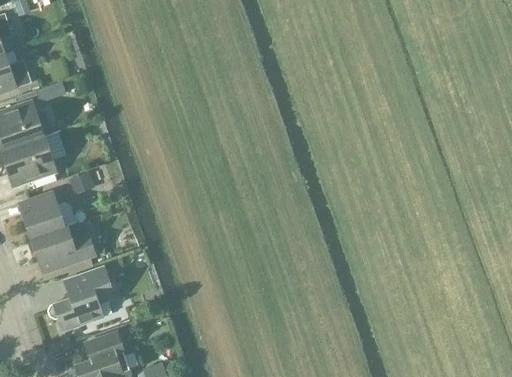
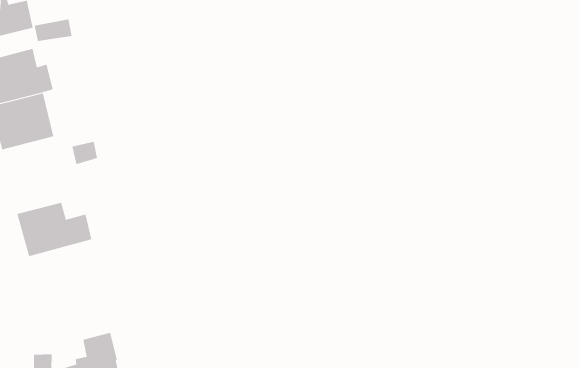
building: [18,192,76,239] -> none
building: [48,267,115,331] -> none

